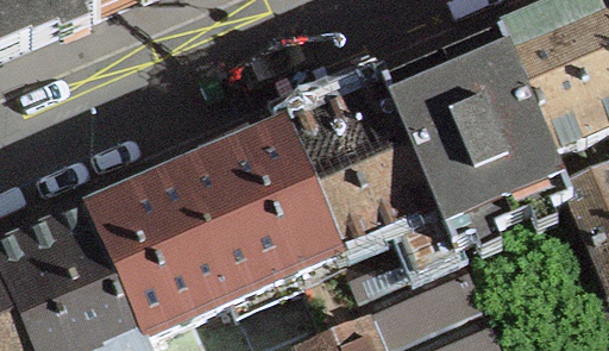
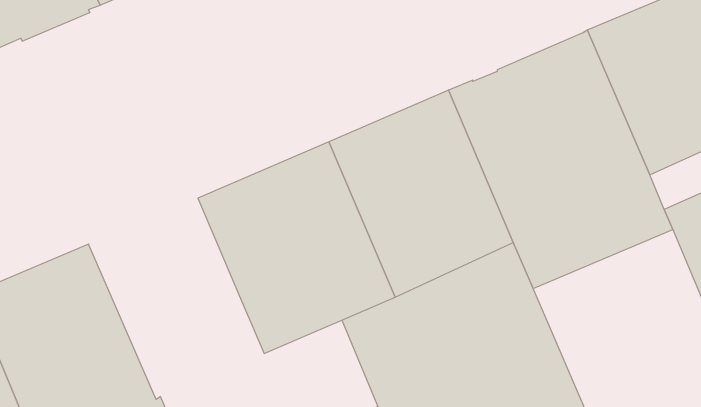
building: [86,171,231,338] -> none

